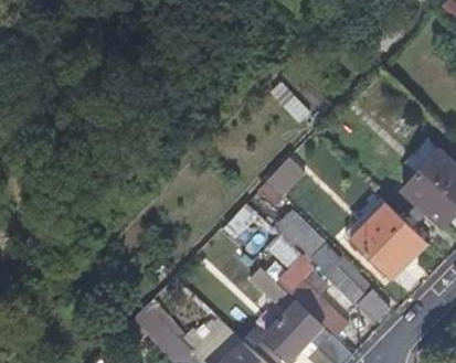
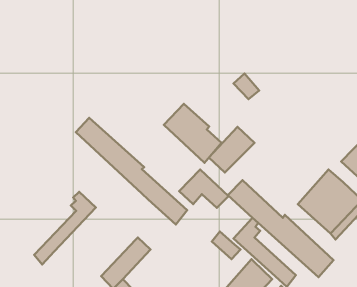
building: none -> [164,104,221,163]
building: none -> [76,118,187,225]
building: none -> [34,192,96,264]

